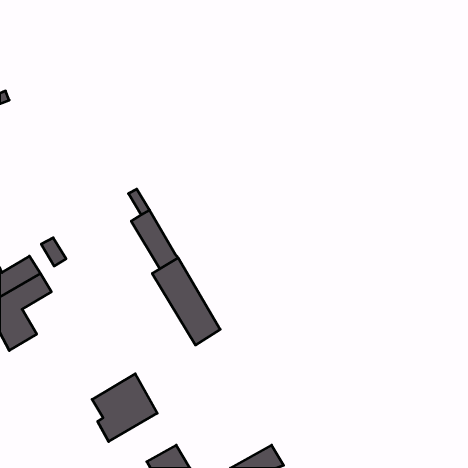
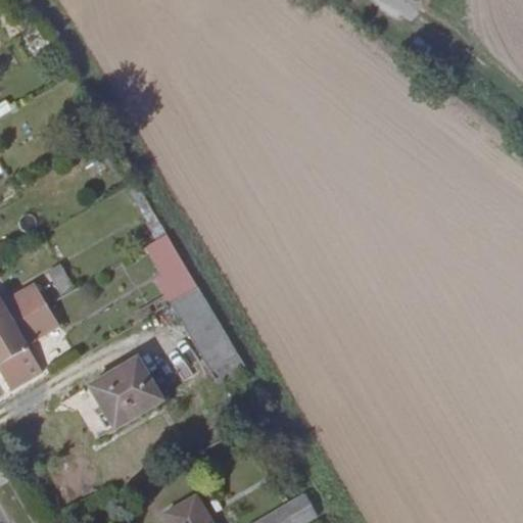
building: [92,374,157,442] -> [89,358,161,433]

